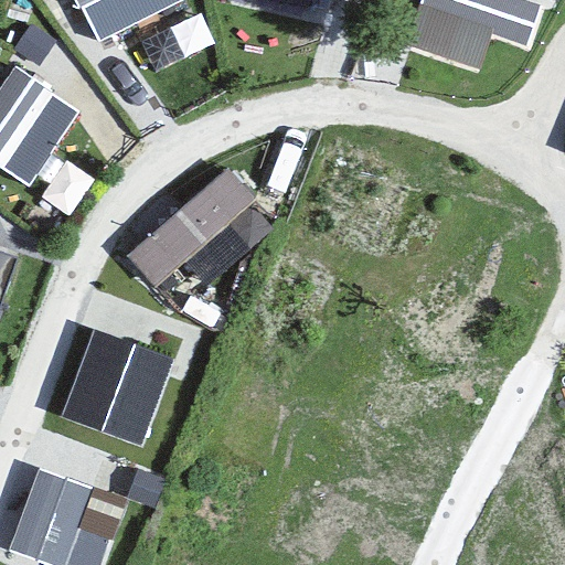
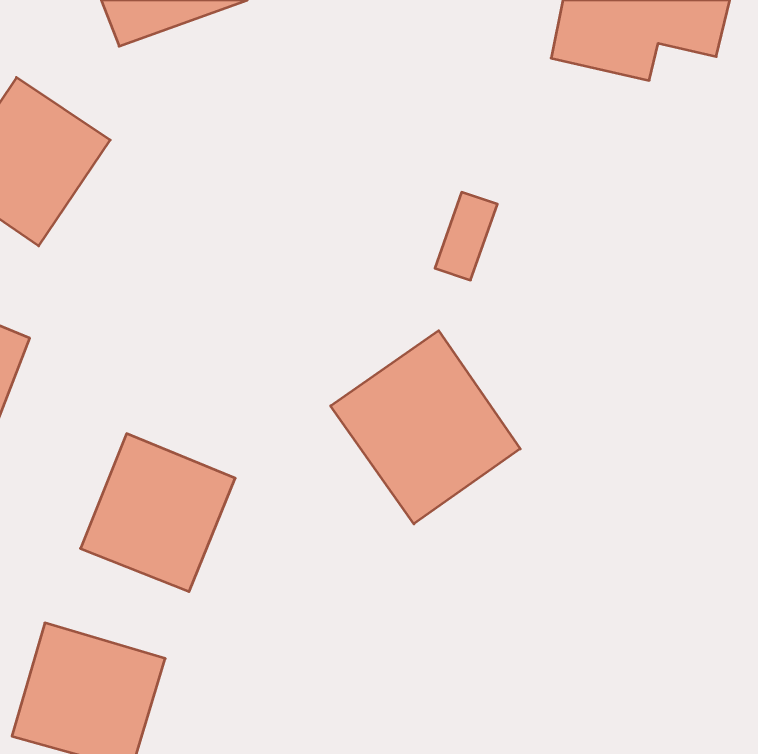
building: [125,171,273,286] -> none
building: none -> [331,331,520,524]

